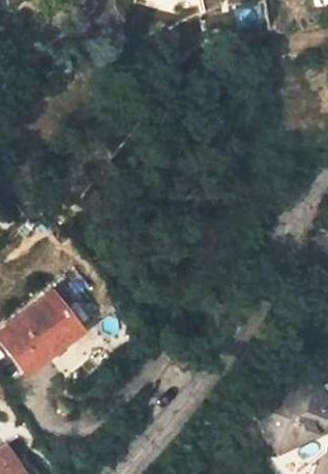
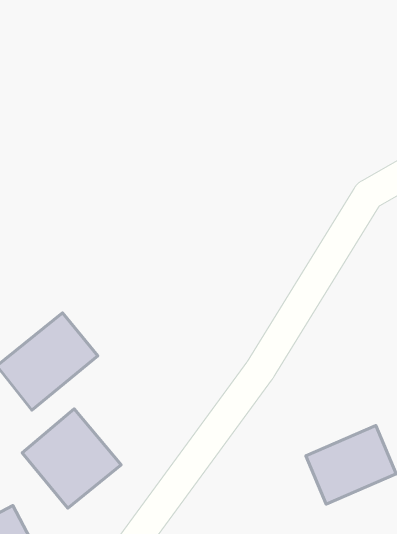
building: none -> [22,409,121,508]

